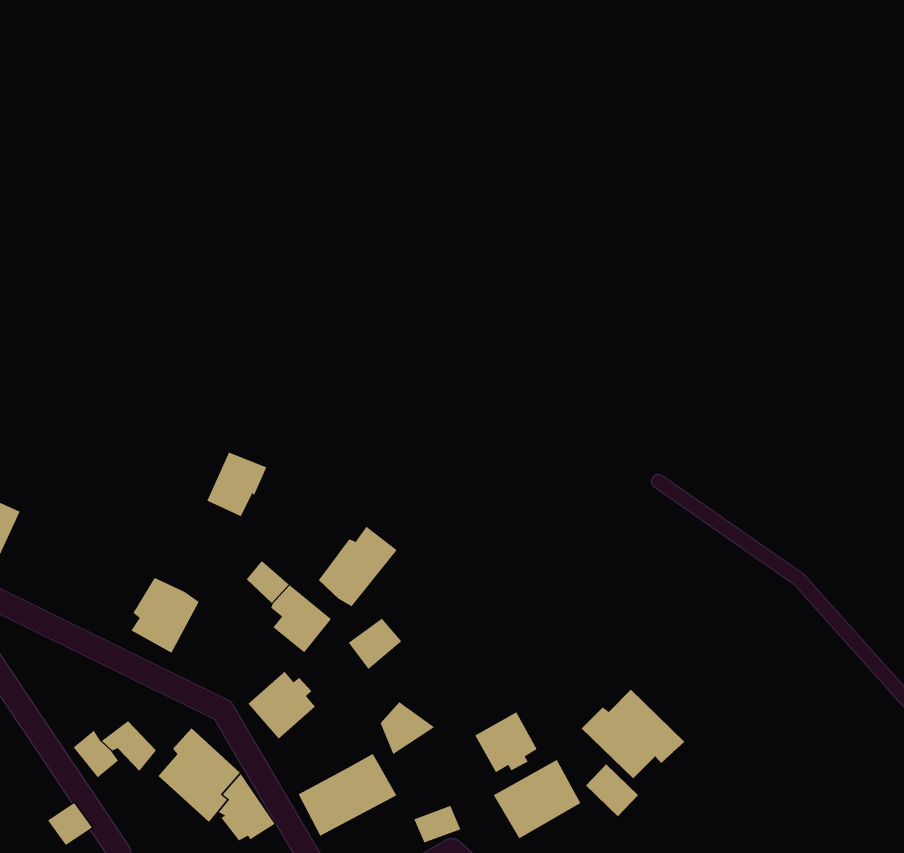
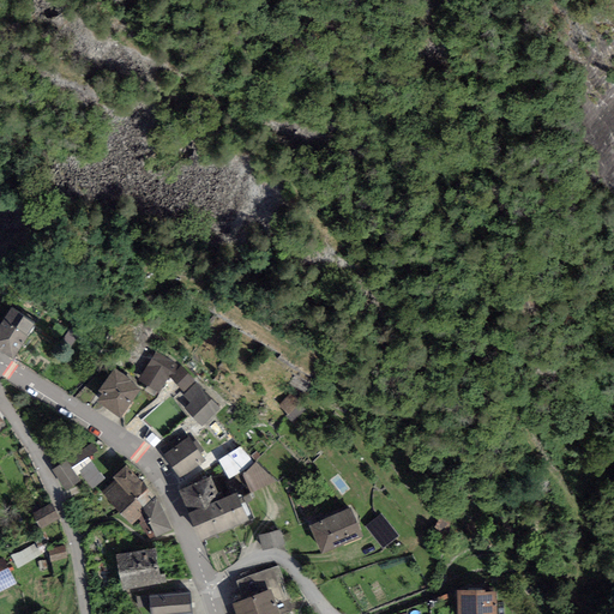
building: [206,452,267,517] -> [137,351,176,392]
building: [318,526,398,607] -> none
building: [348,618,402,670] -> [217,447,251,478]
building: [581,689,685,779] -> none
building: [475,711,538,773] -> none
building: none -> [177,476,219,512]

